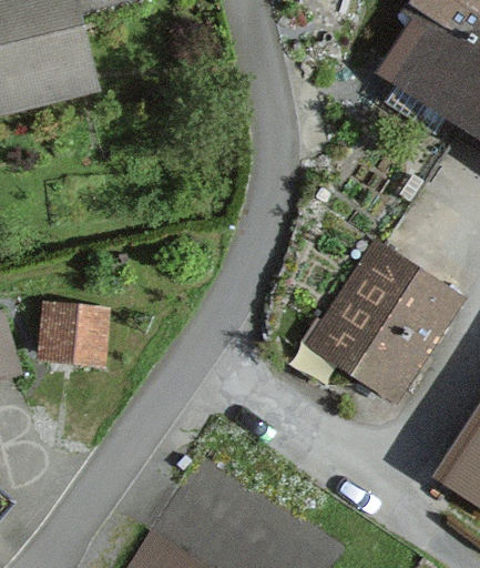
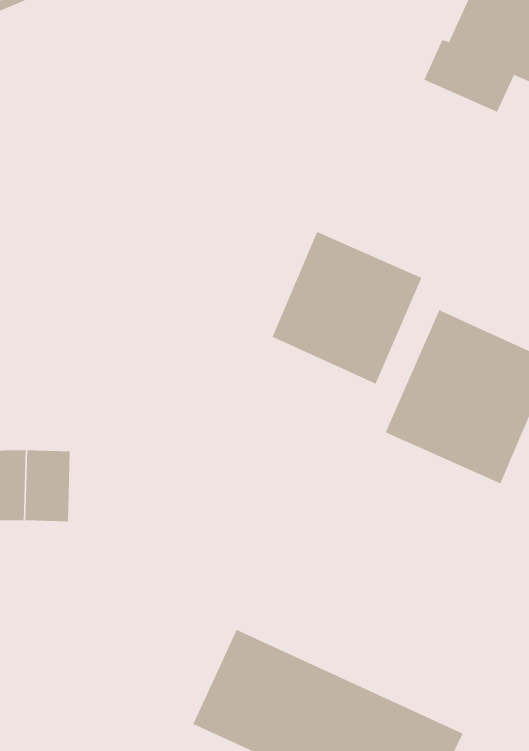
building: none -> [272,231,422,384]

